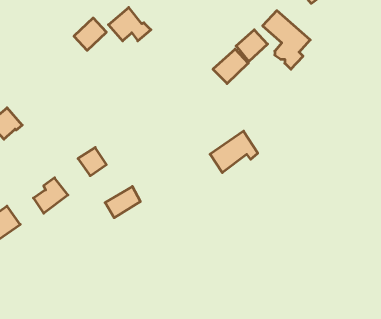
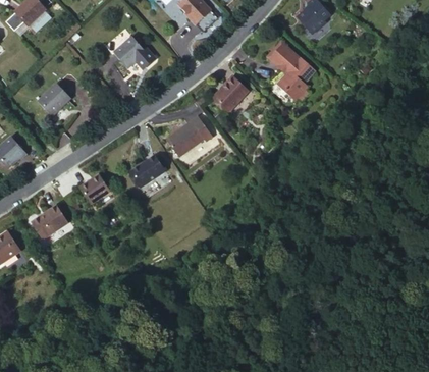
building: [74,18,106,50] -> [36,83,68,115]
building: [236,30,268,61] -> none
building: [210,131,258,173] -> [165,116,213,158]
building: [105,186,140,218] -> [129,159,165,191]

